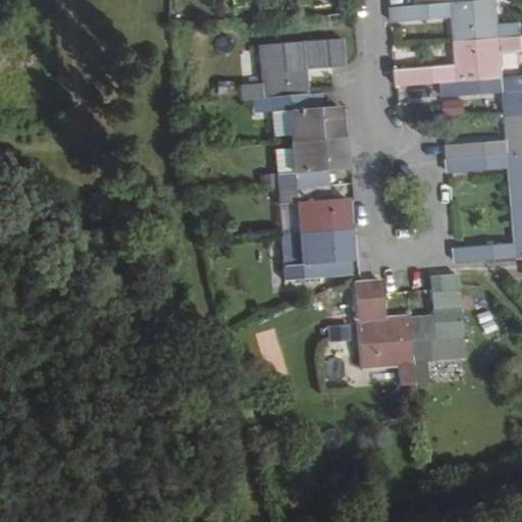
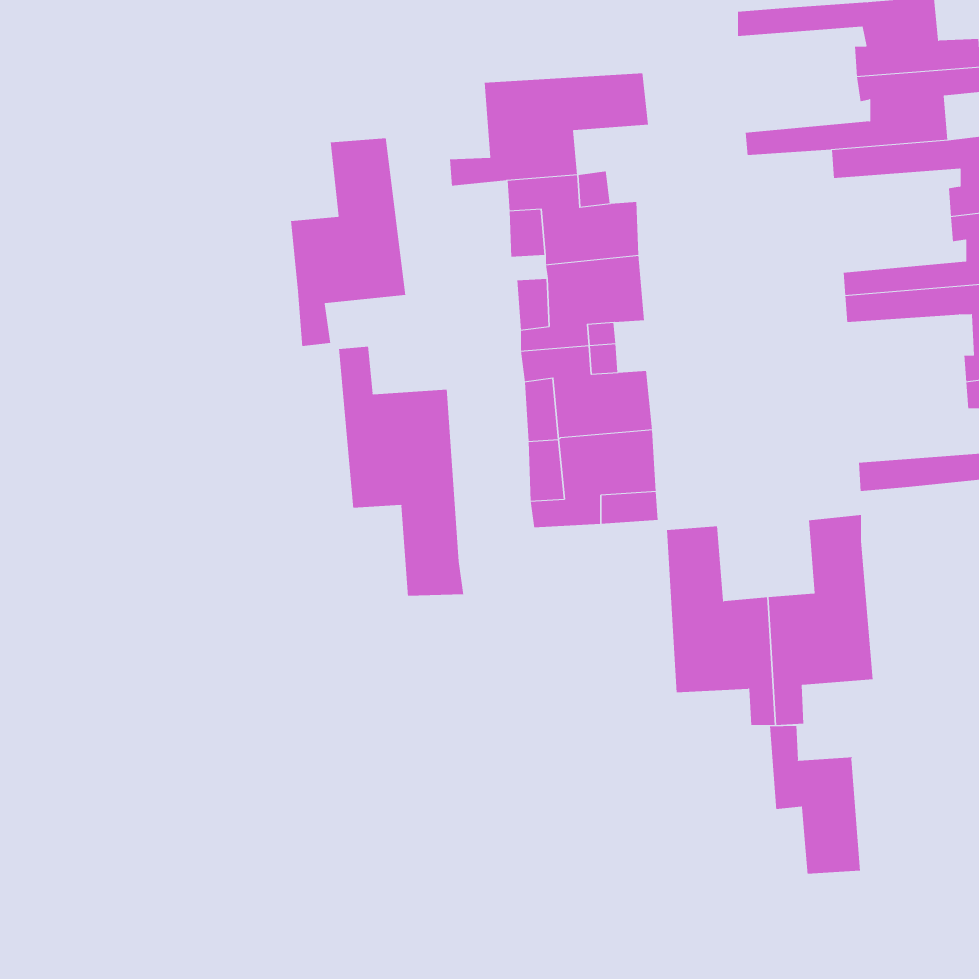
building: none -> [290,138,406,347]
building: none -> [338,346,464,597]
building: none -> [769,725,860,875]

